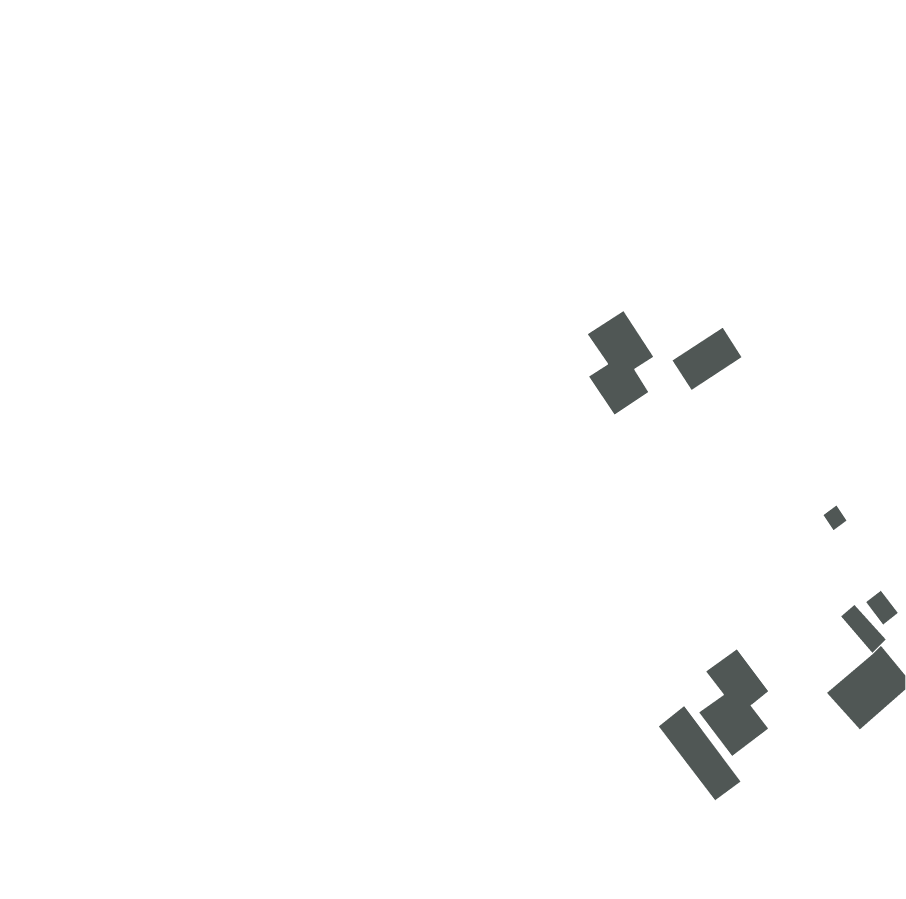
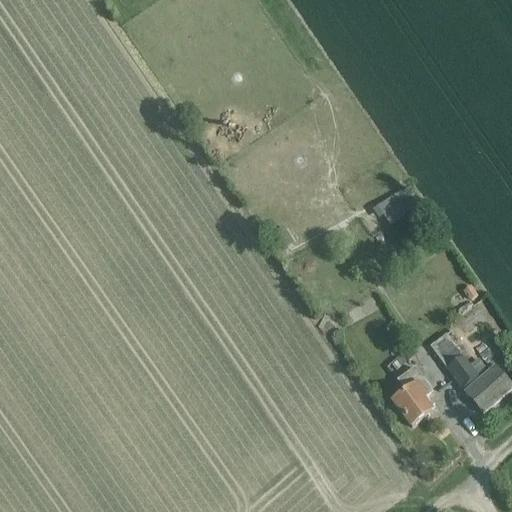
building: [587,310,654,415] -> none
building: [658,705,741,801] -> [430,332,477,386]

